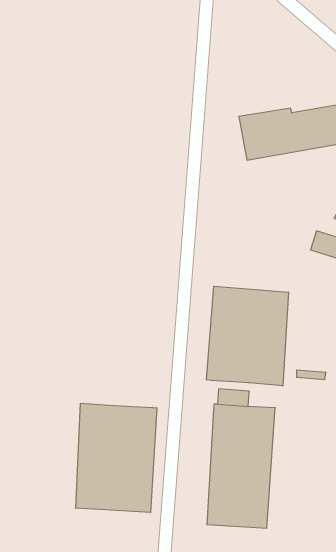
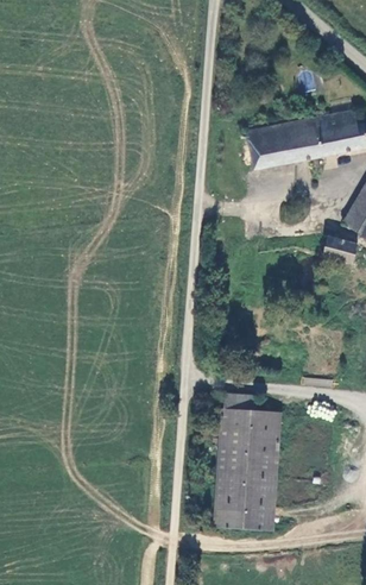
building: [207,286,288,386] -> none
building: [76,403,157,513] -> none

